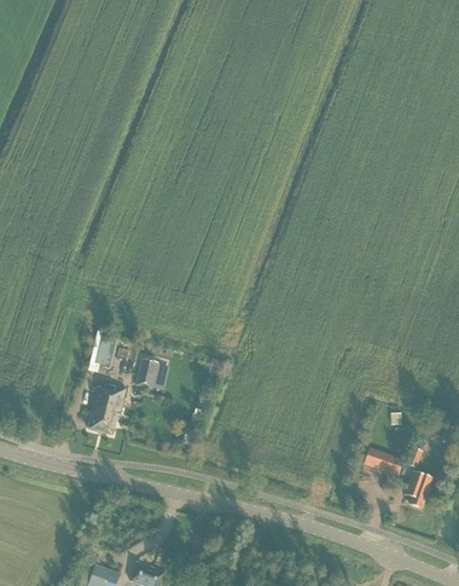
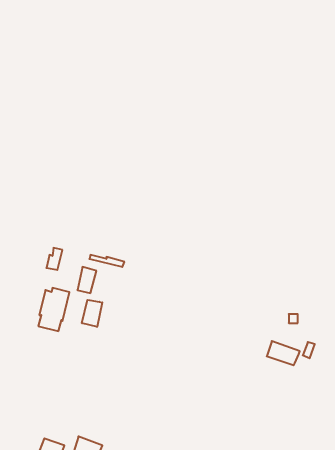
building: none -> [82,300,102,327]
building: [405,472,434,507] -> none

